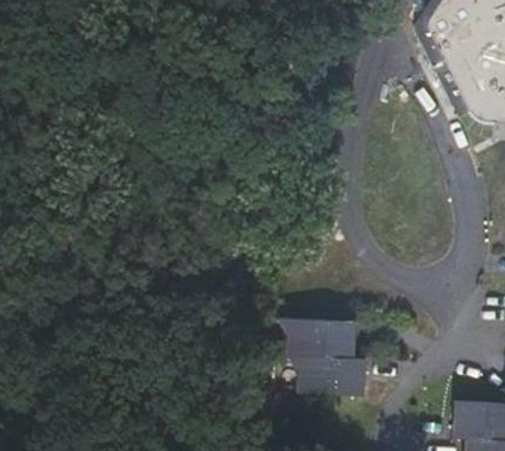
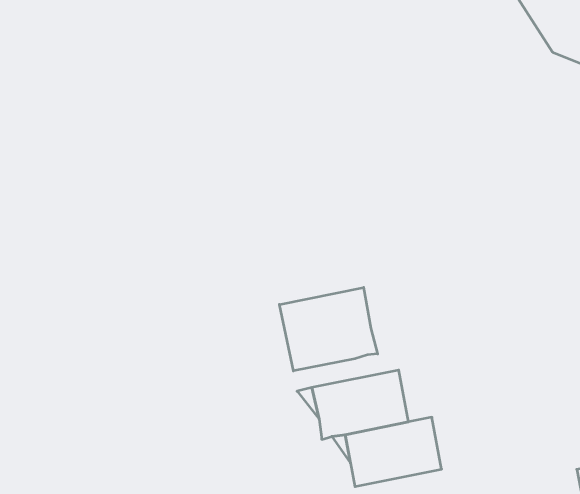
building: none -> [279,287,378,371]

